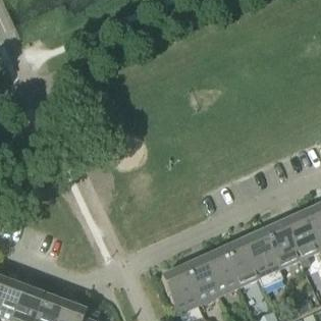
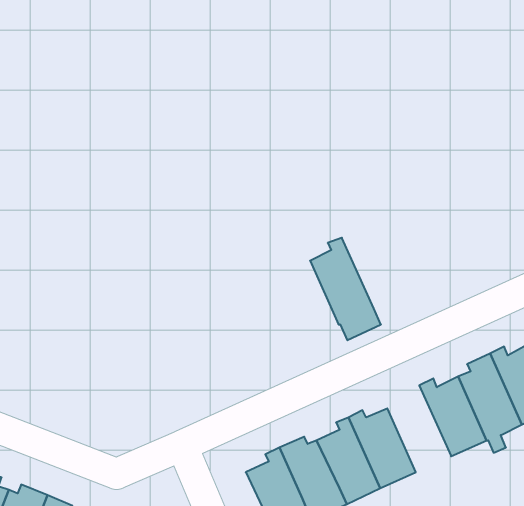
building: [242,227,282,286] -> [310,238,381,340]

